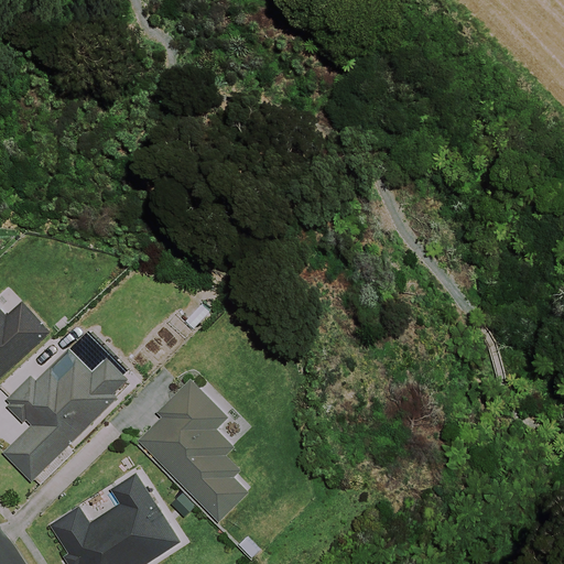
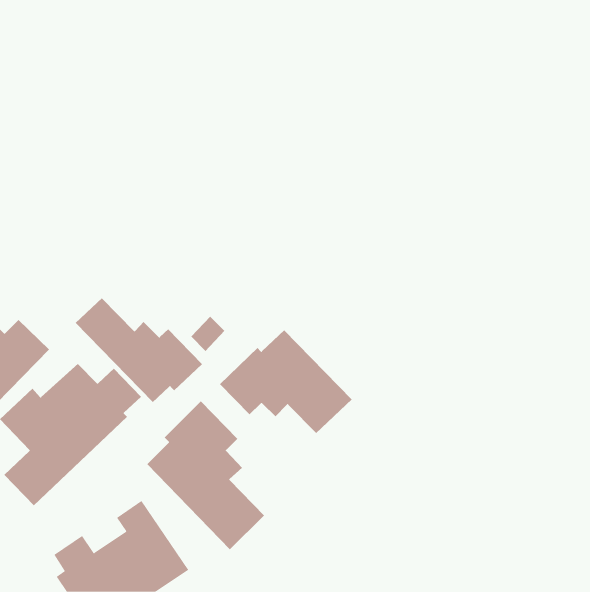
building: none -> [75,297,203,403]
building: none -> [219,329,352,434]

